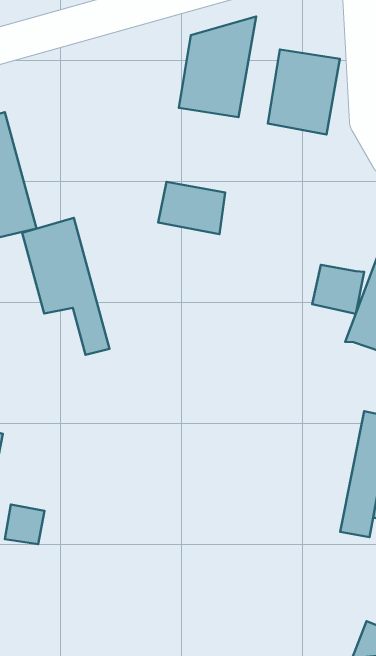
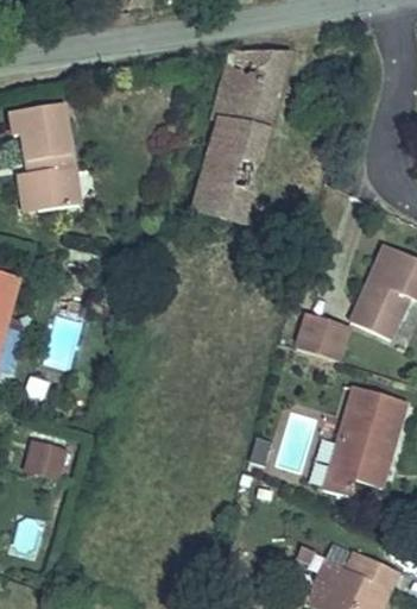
building: [268,50,340,134] -> [202,108,270,186]
building: [22,218,110,355] -> none
building: [312,265,364,314] -> [303,316,350,362]

